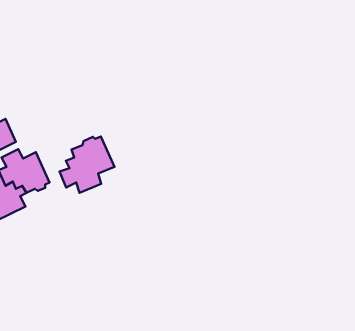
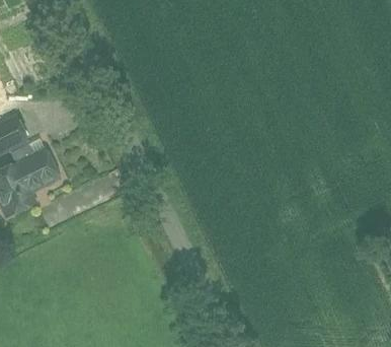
building: [59,137,114,193] -> none

